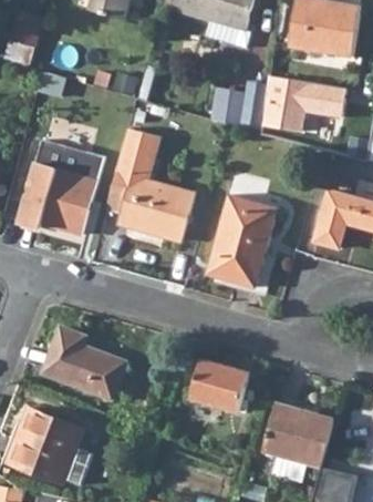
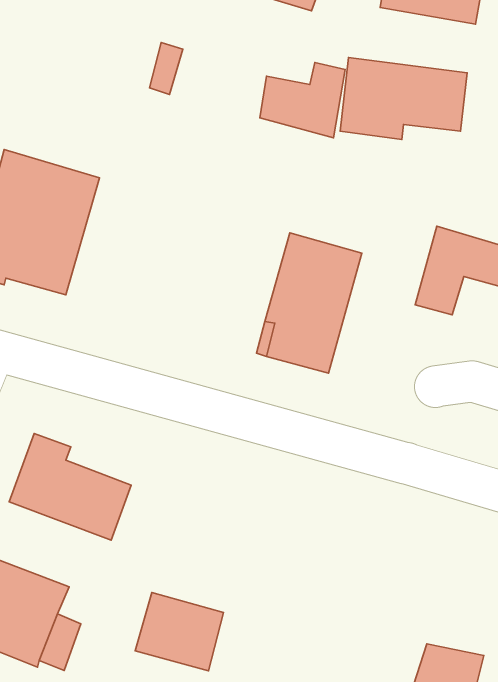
building: [105,127,193,240] -> none
building: [189,358,248,410] -> [135,592,224,671]
building: [261,404,333,467] -> none

